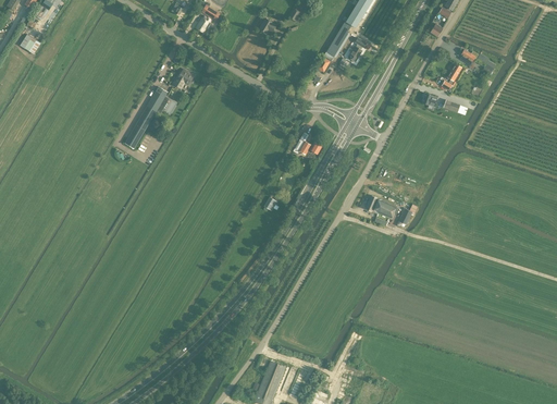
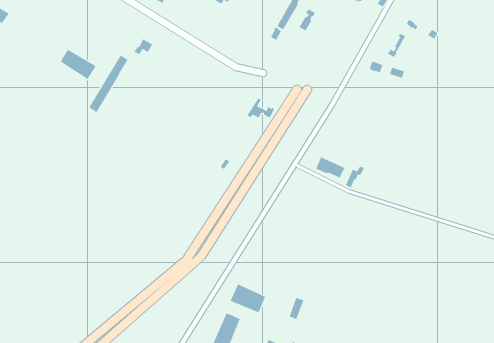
building: none -> [60,49,97,80]
building: none -> [230,284,266,313]

